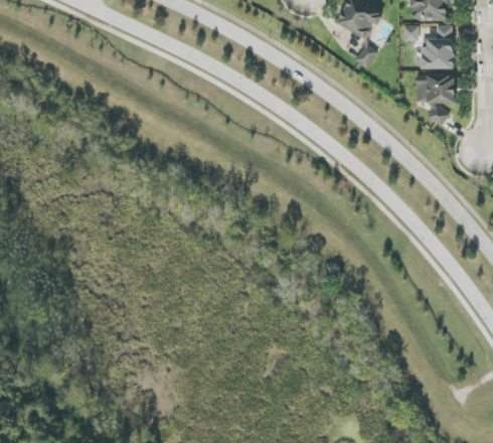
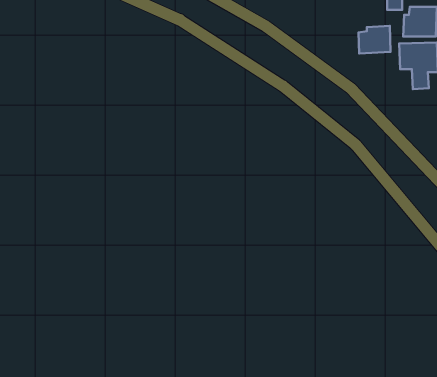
building: none -> [359,26,391,54]

